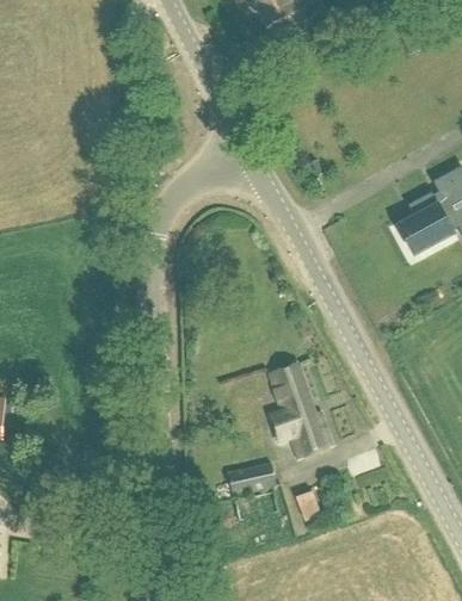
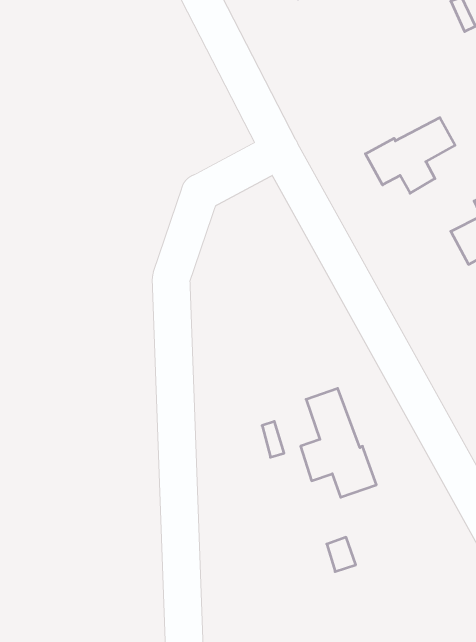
building: none -> [365,118,455,193]
building: [229,460,277,492] -> none

